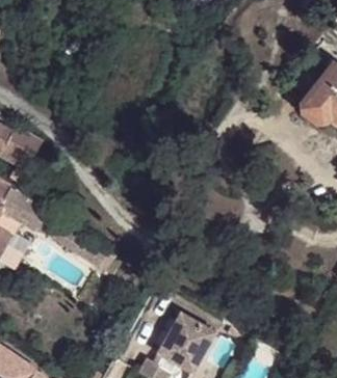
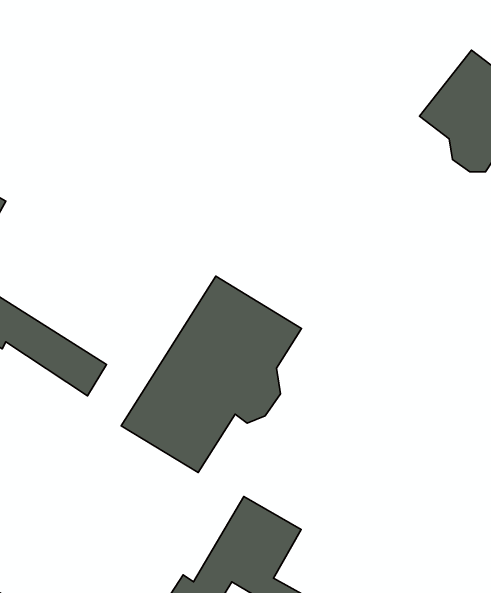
building: none -> [121,276,302,473]

